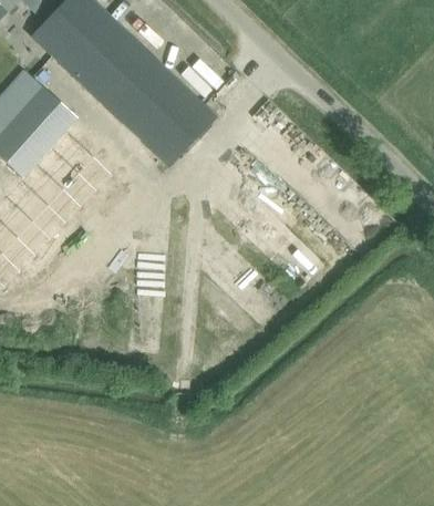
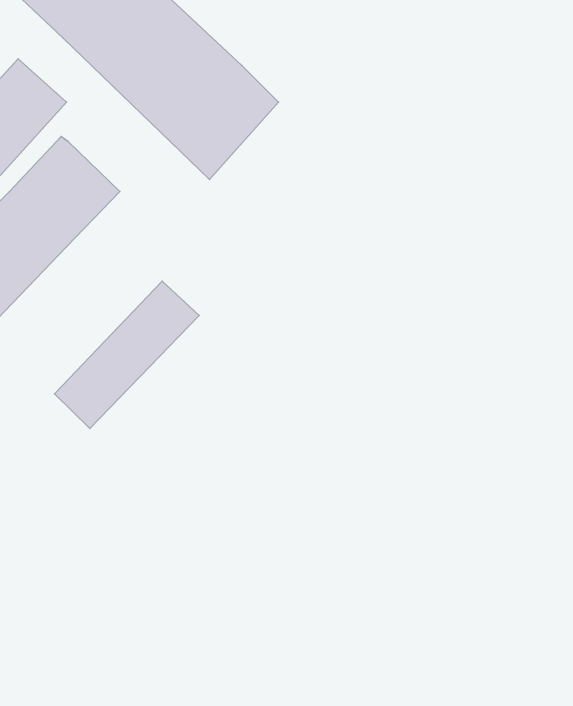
building: none -> [55,281,199,429]

